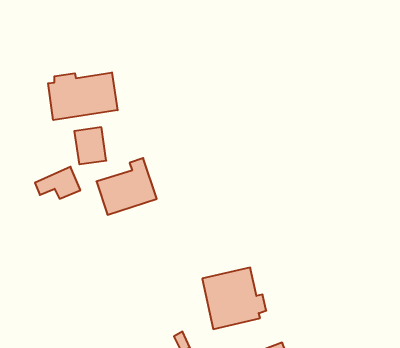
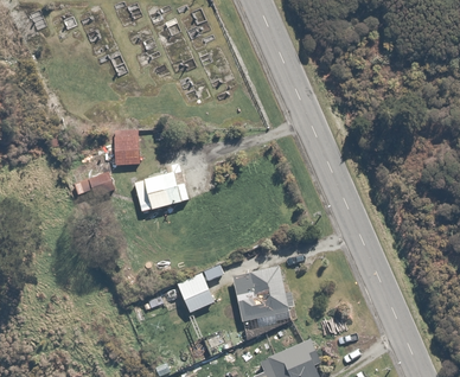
building: [48,72,118,120] -> none
building: none -> [177,273,213,313]

